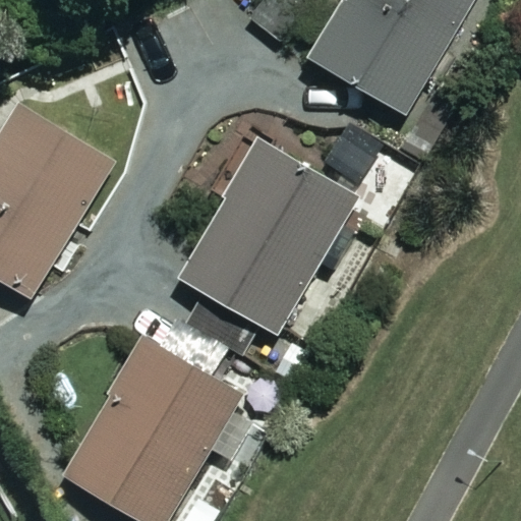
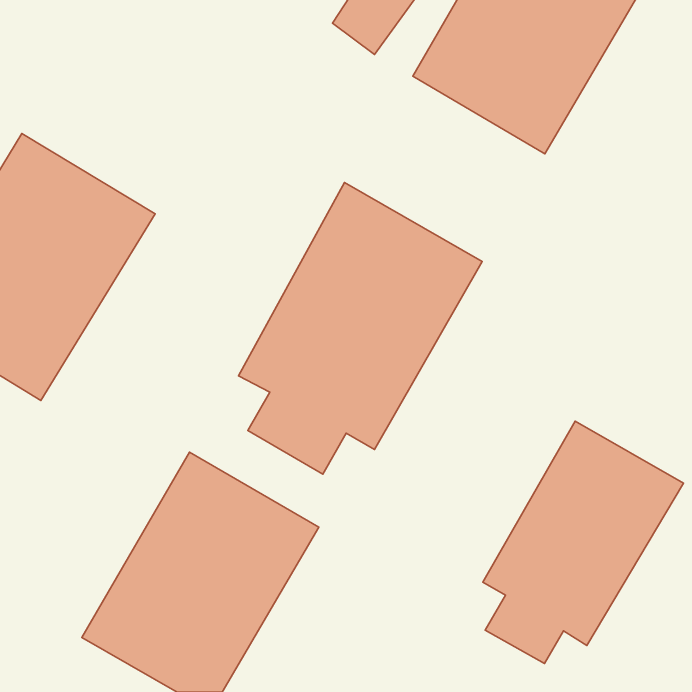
building: none -> [483,421,683,663]

